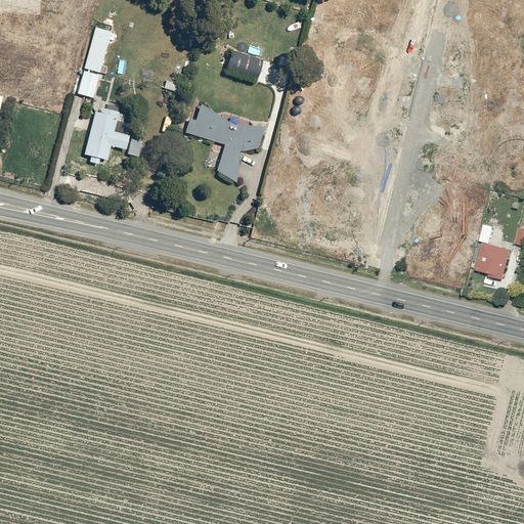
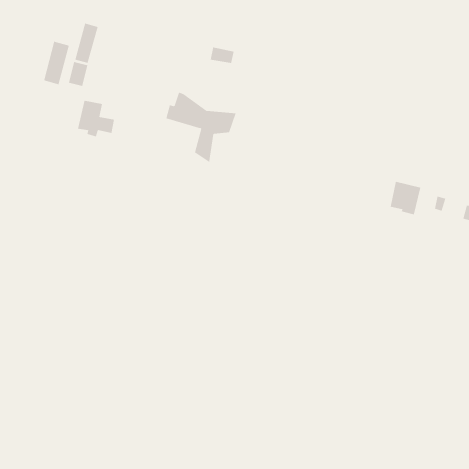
building: none -> [43,41,69,85]
building: [477,244,512,281] -> [390,181,421,215]

